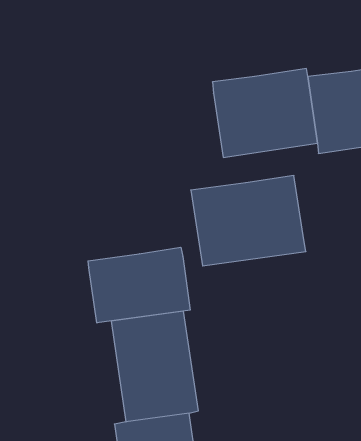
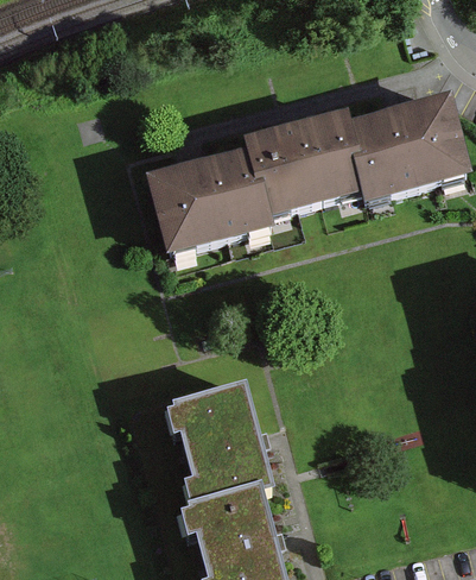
building: [191,176,306,266] -> [144,146,272,252]
building: [88,247,190,323] -> none

